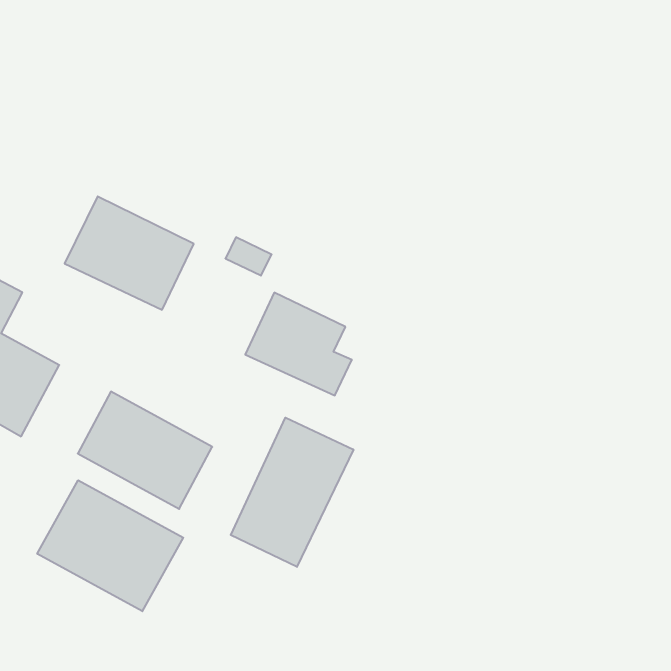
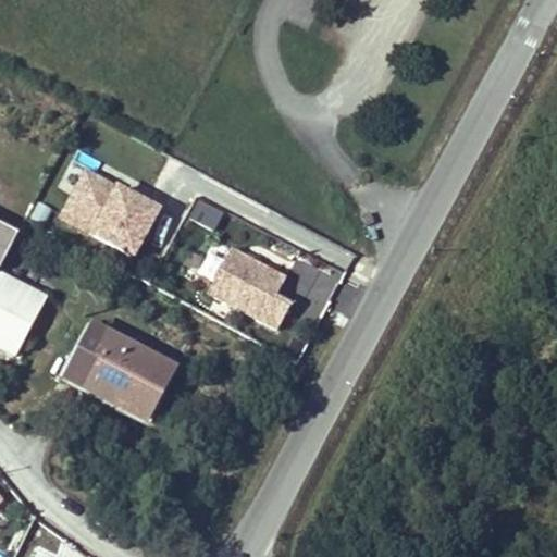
building: [231,418,353,567] -> none
building: [37,480,183,611] -> none

